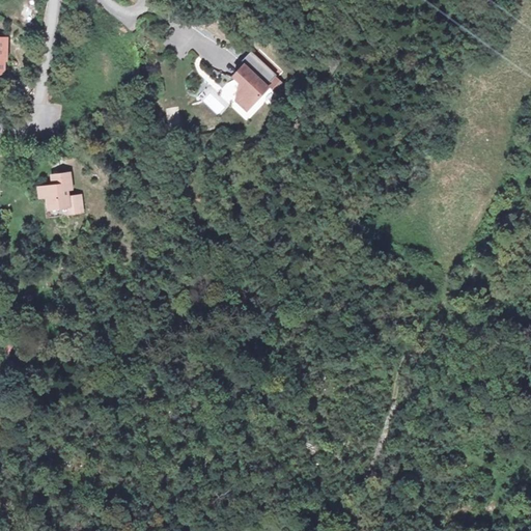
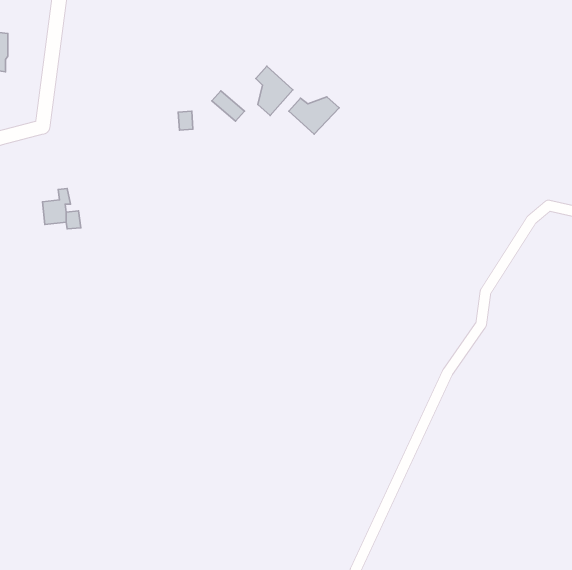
building: none -> [289,97,339,134]

